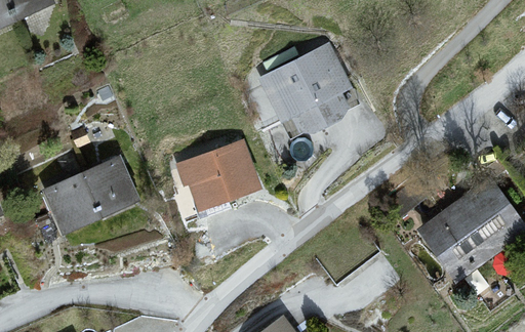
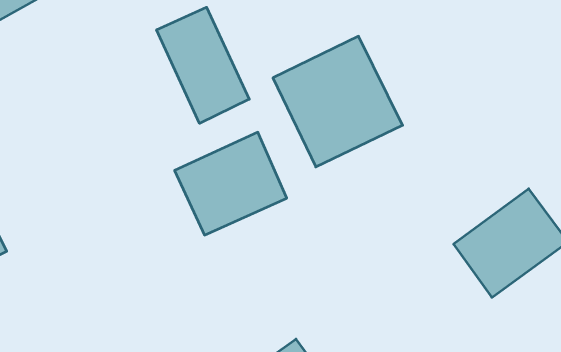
building: none -> [157,7,249,123]
building: [34,151,146,248] -> none

